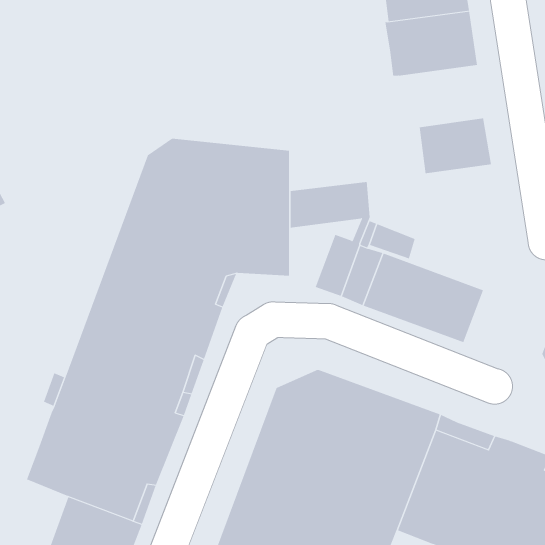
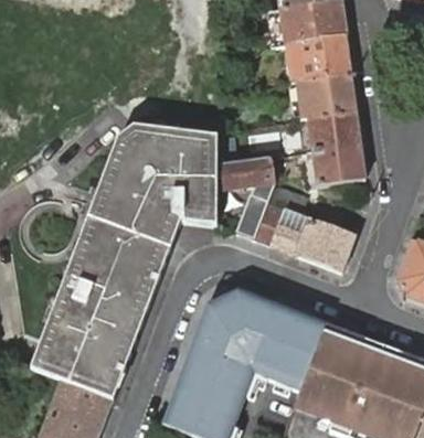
building: none -> [295,74,356,118]
building: none -> [307,145,364,184]

